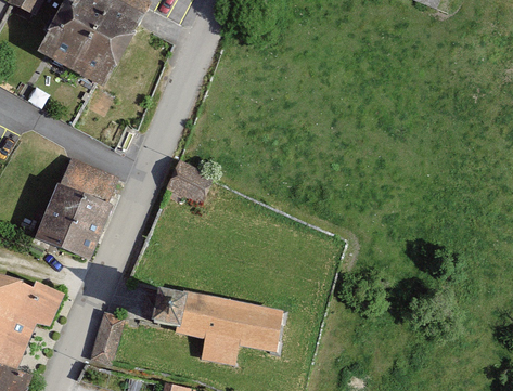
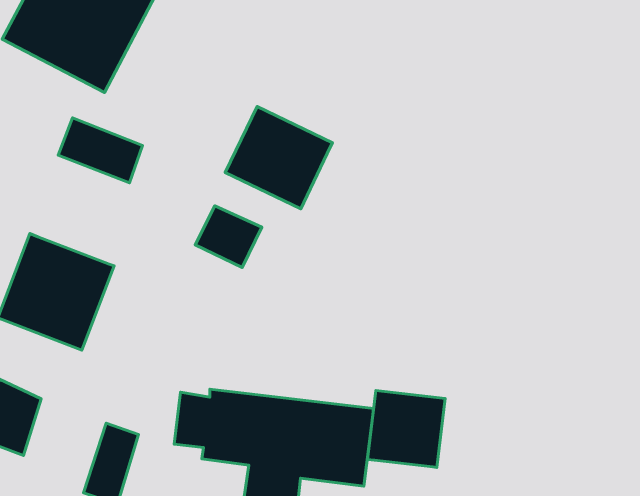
building: none -> [225,106,333,209]
building: [60,158,116,201] -> [58,118,142,183]
building: none -> [368,390,445,468]

